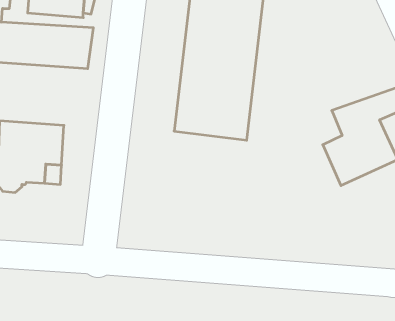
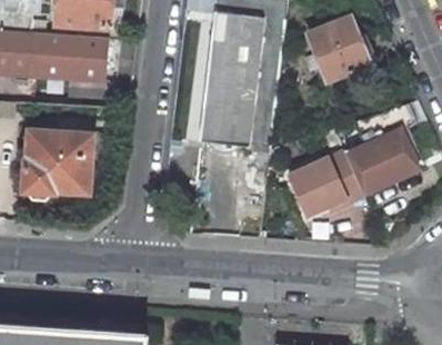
building: none -> [308,17,374,80]
building: none -> [288,150,363,216]

